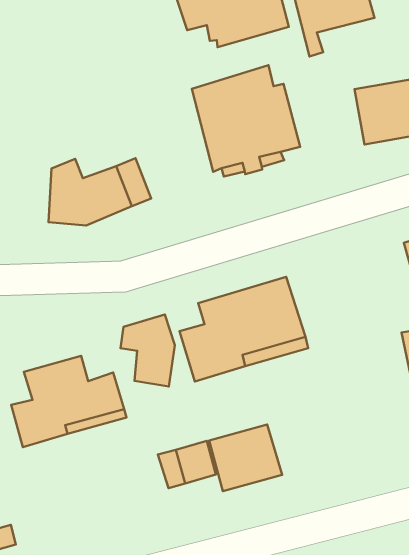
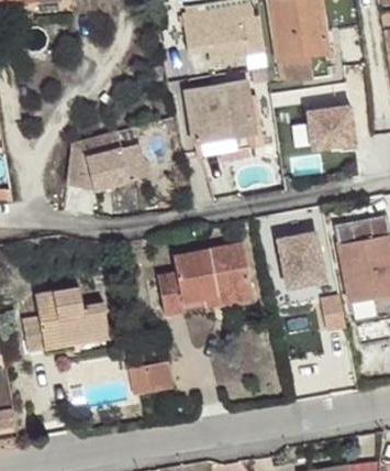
building: none -> [277,230,323,285]
building: [121,315,175,386] -> none
building: [209,425,282,491] -> none

